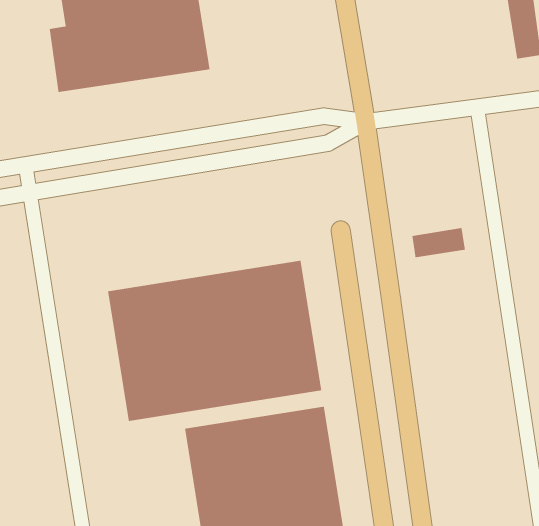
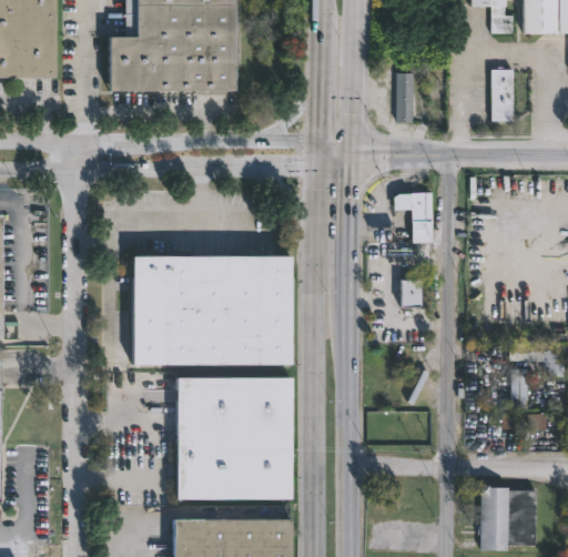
building: none -> [397,72,415,122]
building: none -> [393,193,433,243]
building: none -> [402,277,423,308]

